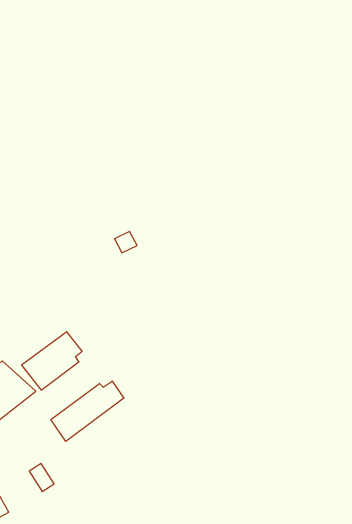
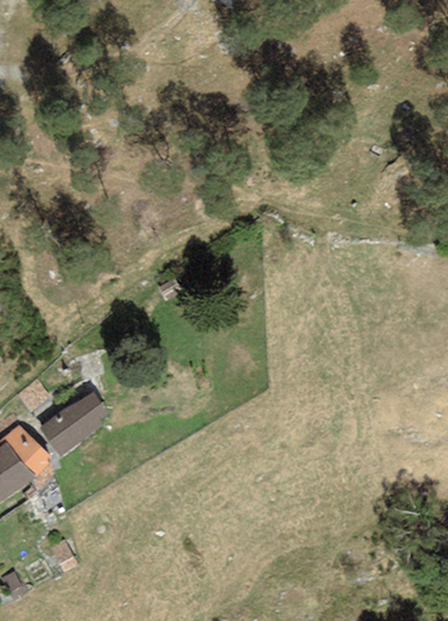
building: [51,381,124,441] -> none

